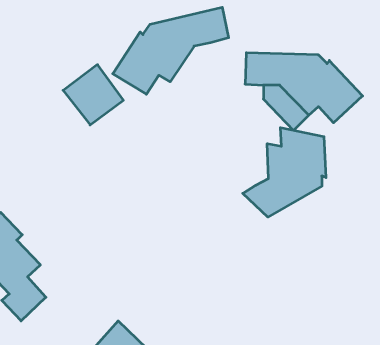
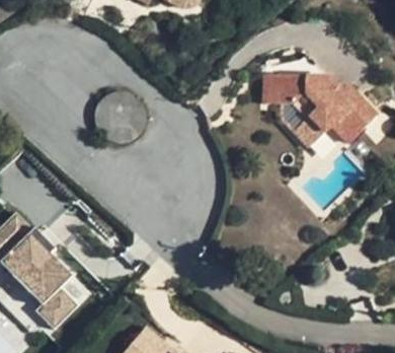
building: [113,7,229,94] -> none
building: [243,128,326,217] -> none

